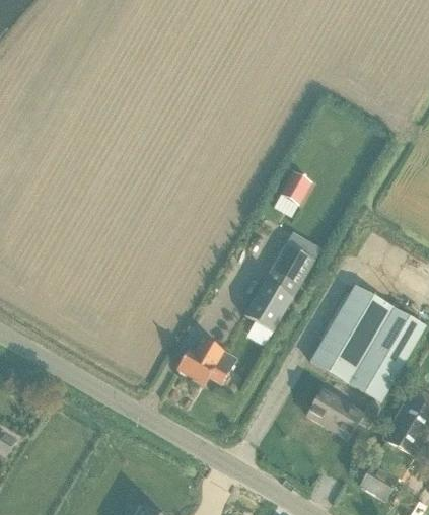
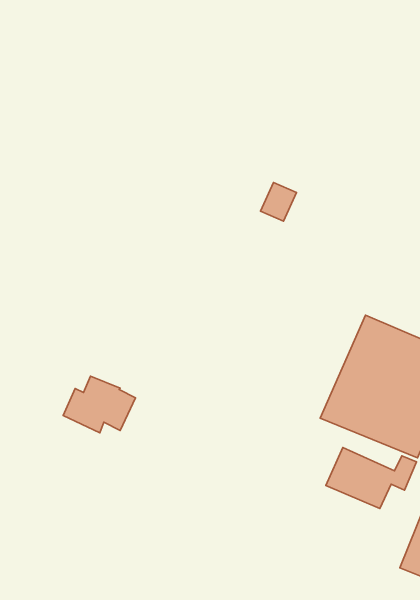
building: [246,243,314,330] -> none
building: [177,339,236,384] -> [63,376,135,433]

